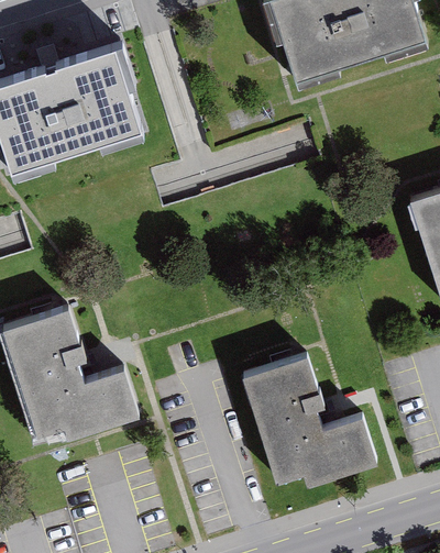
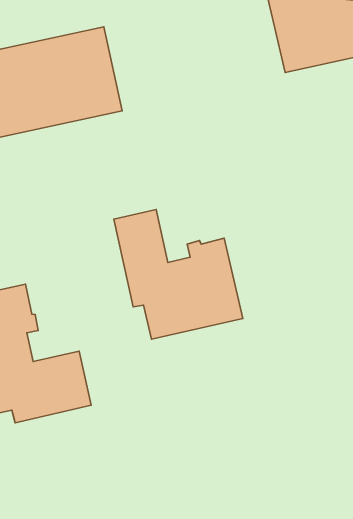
building: none -> [114,209,243,339]
building: [237,352,378,488] -> none

